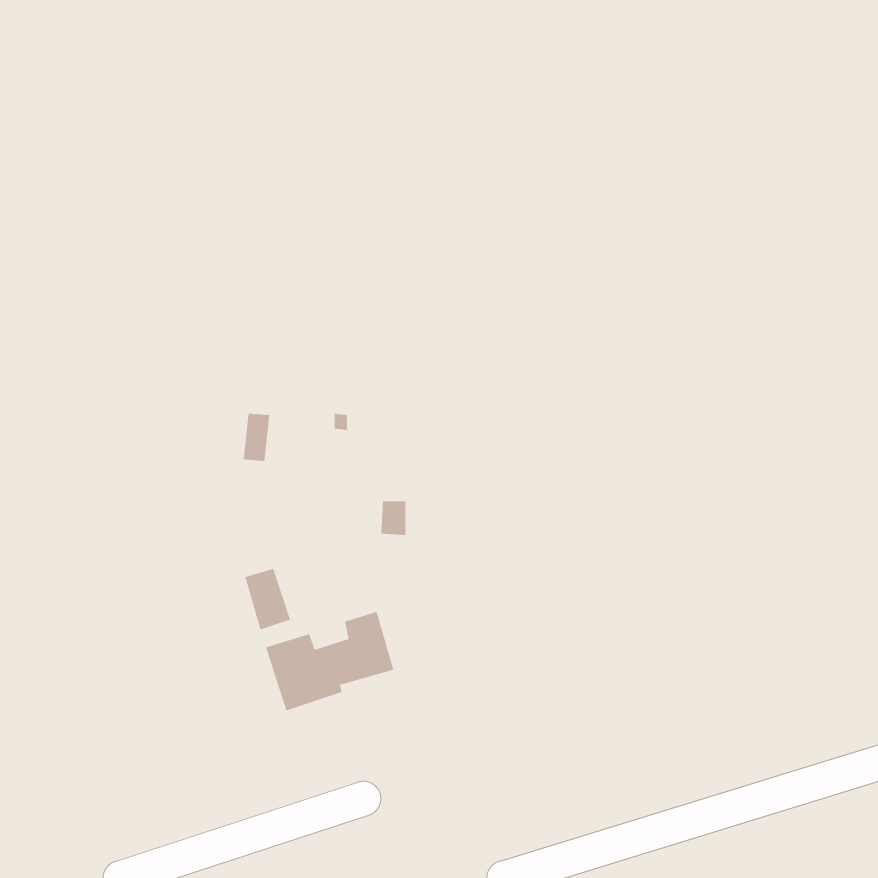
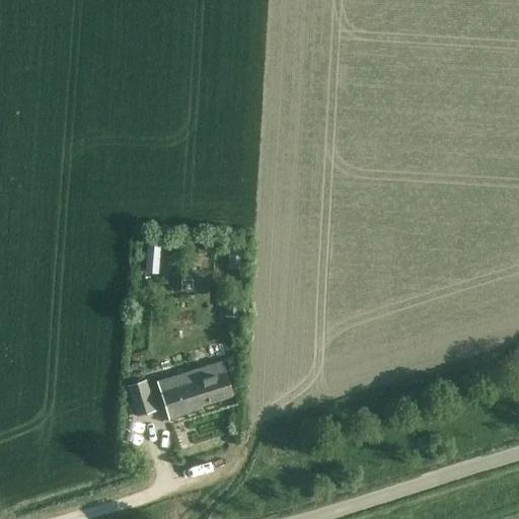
building: [244,568,291,630] -> [128,379,155,416]

